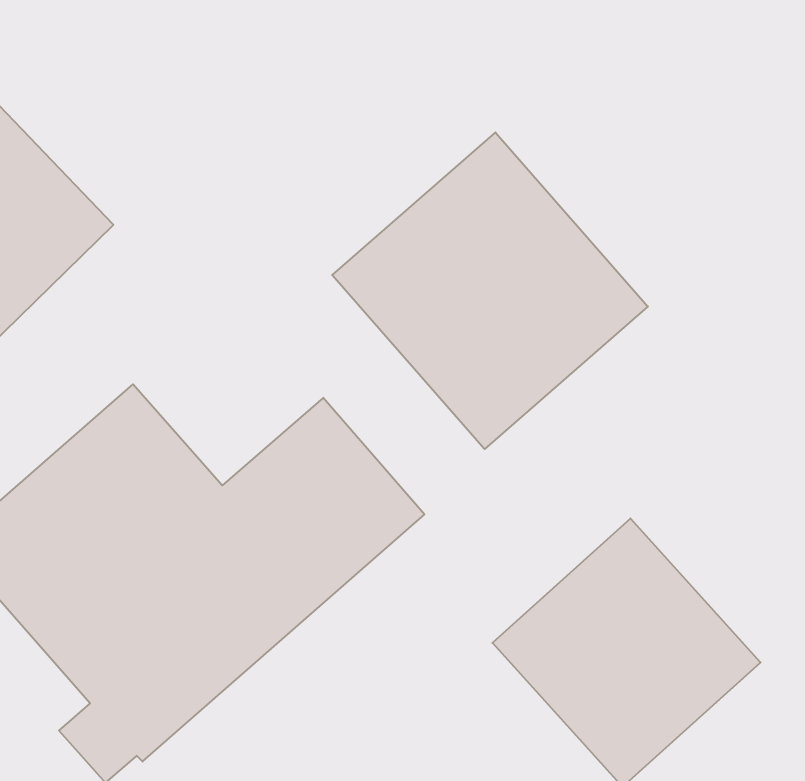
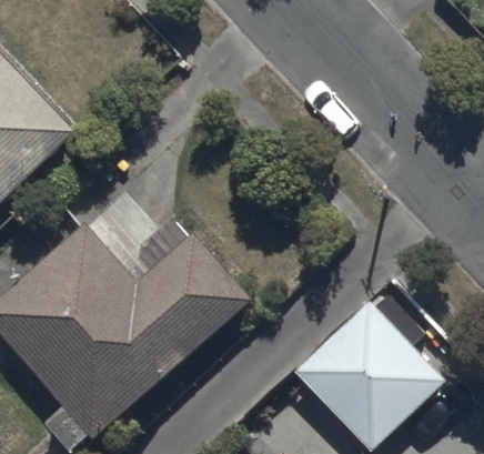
building: [332,132,648,449] -> none

